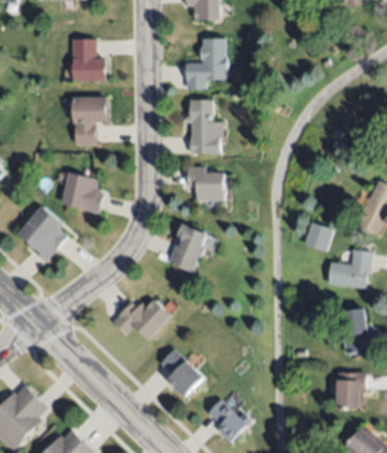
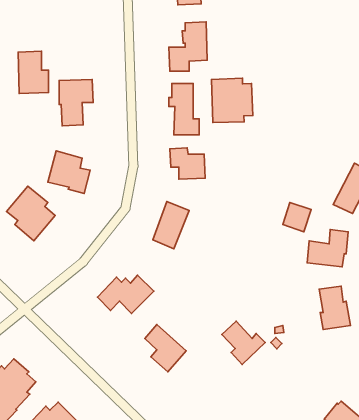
building: [73,36,104,80] -> [18,51,48,93]
building: none -> [212,78,253,123]
building: [337,373,365,411] -> none
building: [207,398,252,443] -> [222,321,265,365]

